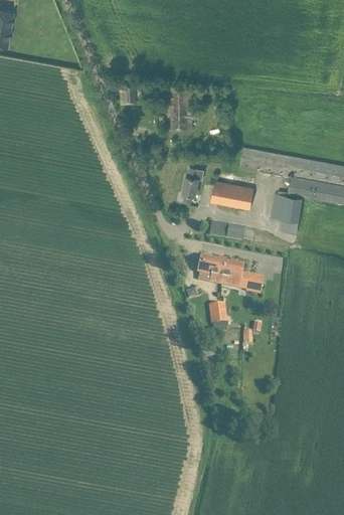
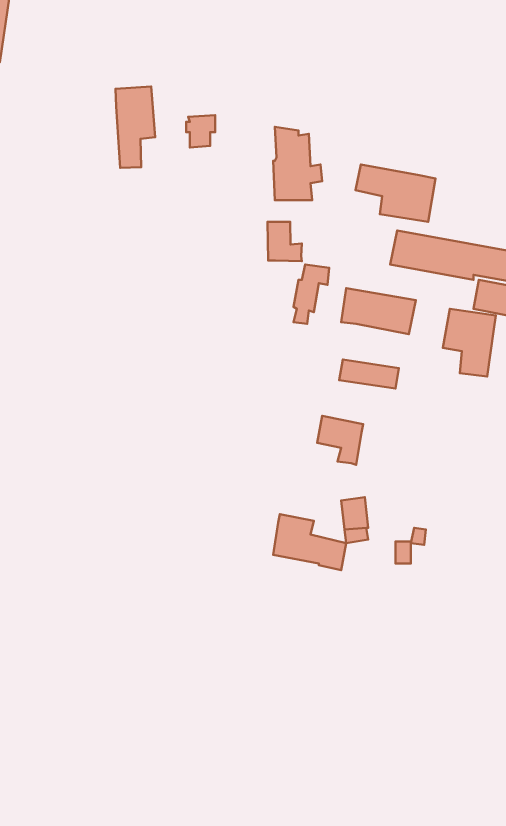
building: none -> [115,86,155,168]
building: none -> [356,165,436,222]
building: none -> [267,222,302,261]
building: [219,262,263,295] -> [273,514,346,570]

